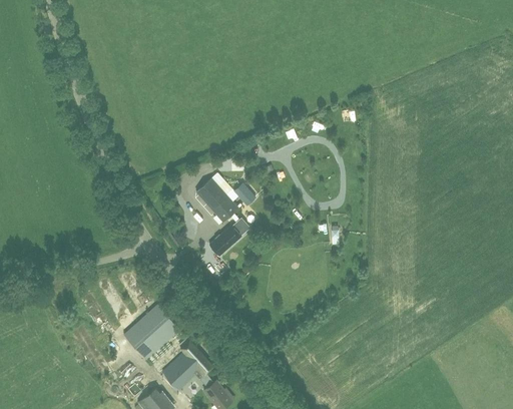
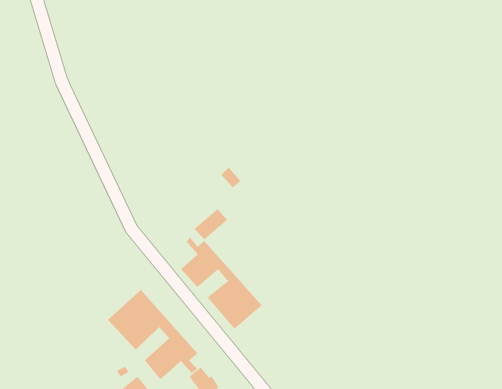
building: [197,178,238,222] -> none
building: none -> [180,237,263,330]

